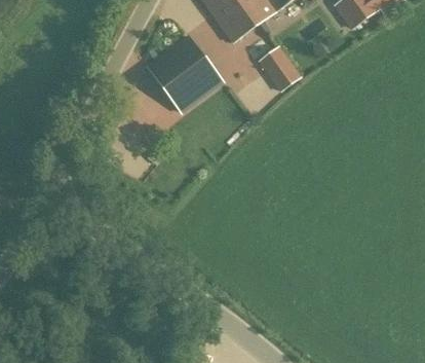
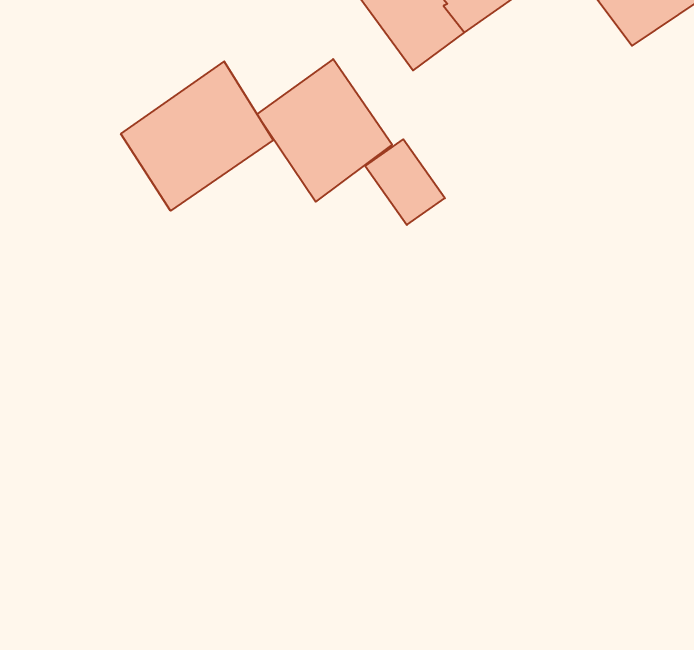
building: none -> [121,61,273,211]
building: [258,45,301,92] -> [365,139,445,225]

